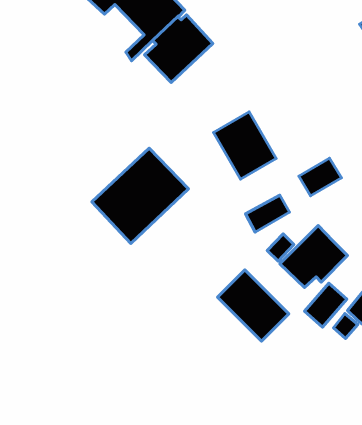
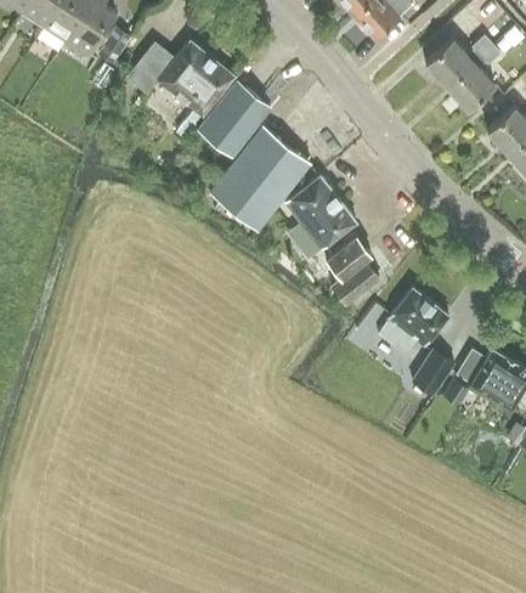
building: [92,148,188,243] -> [208,125,310,231]
building: [299,158,341,196] -> [324,236,371,279]
building: [217,270,289,341] -> none

